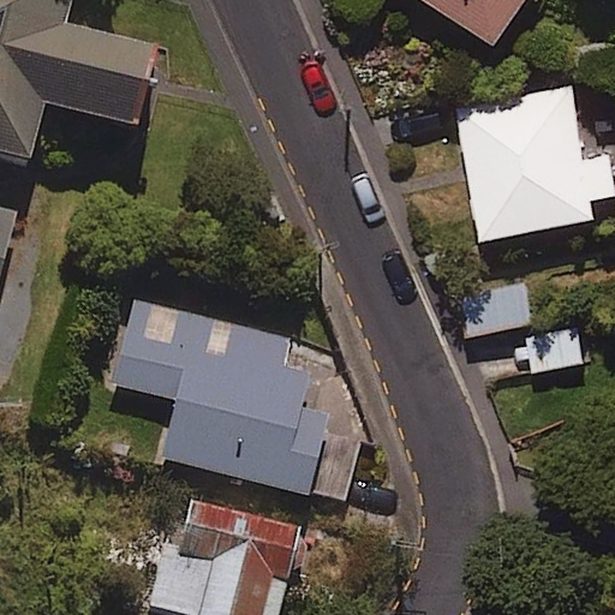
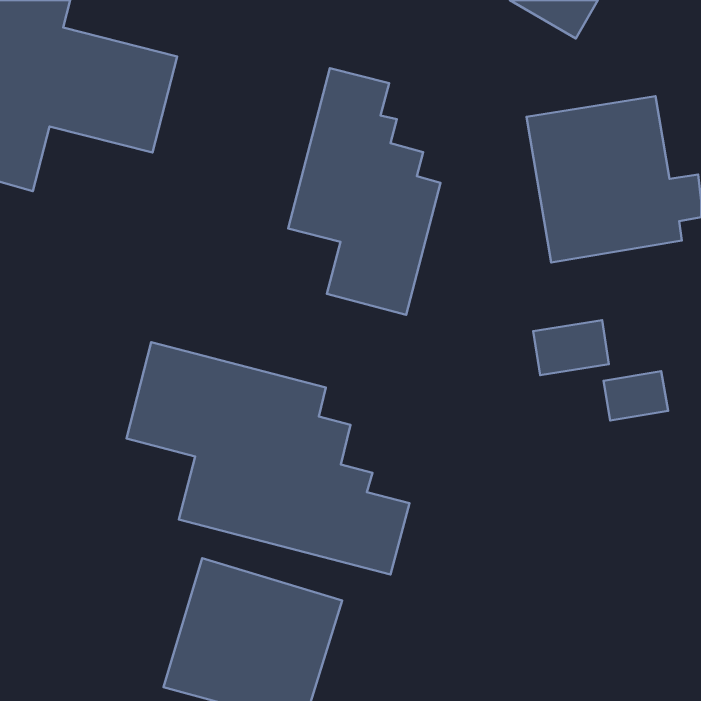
building: none -> [288,68,441,315]

